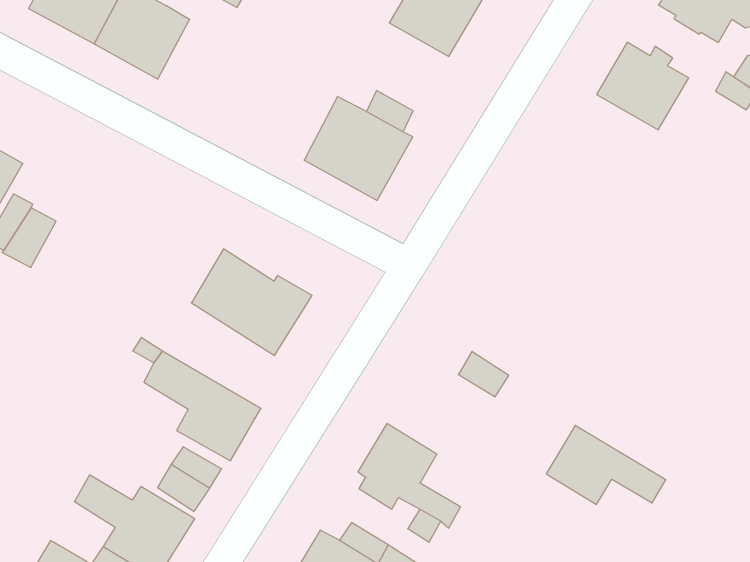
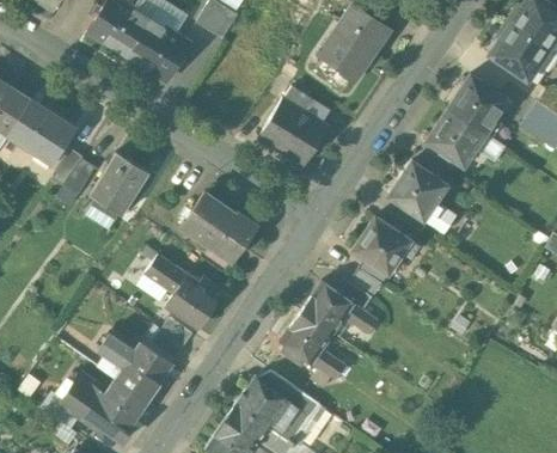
building: none -> [426,108,486,167]
building: none -> [388,163,447,225]
building: none -> [91,153,151,216]
building: none -> [353,216,420,274]
building: [546,425,666,504] -> [301,281,378,333]

